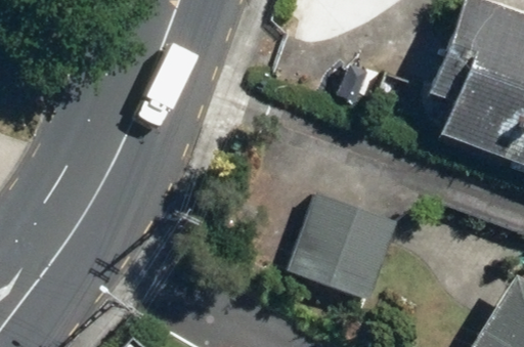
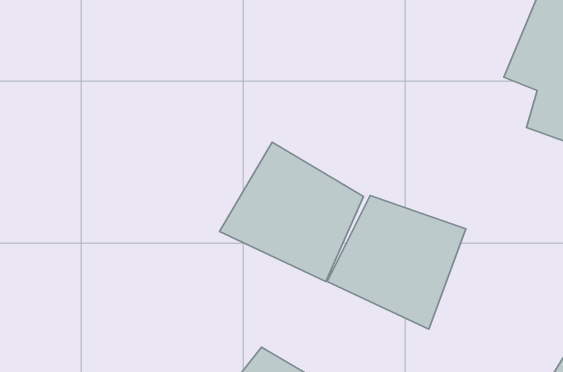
building: none -> [219,142,363,282]

